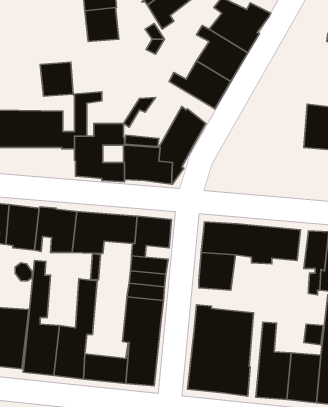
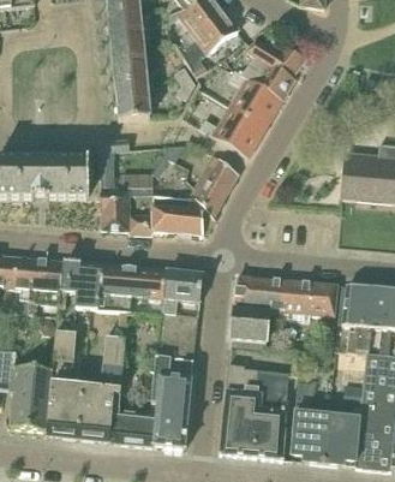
building: [40,62,73,96] -> [115,83,150,119]

